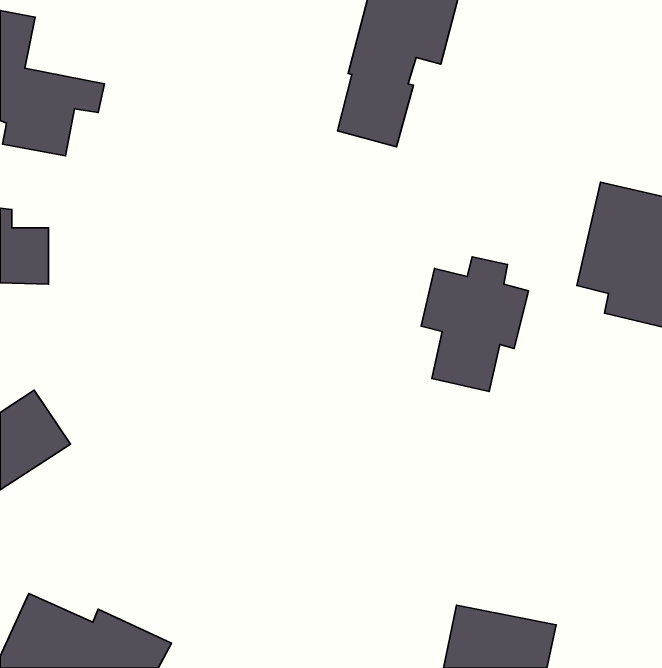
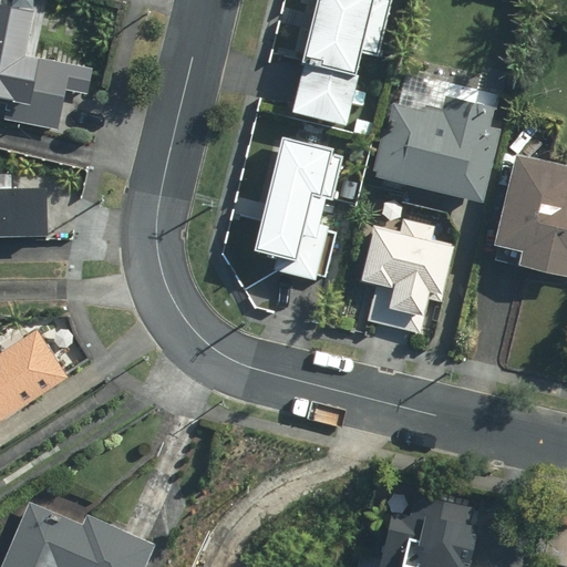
building: none -> [377,96,497,200]
building: none -> [251,137,343,278]

